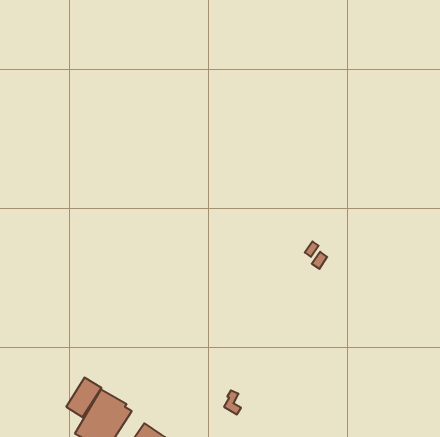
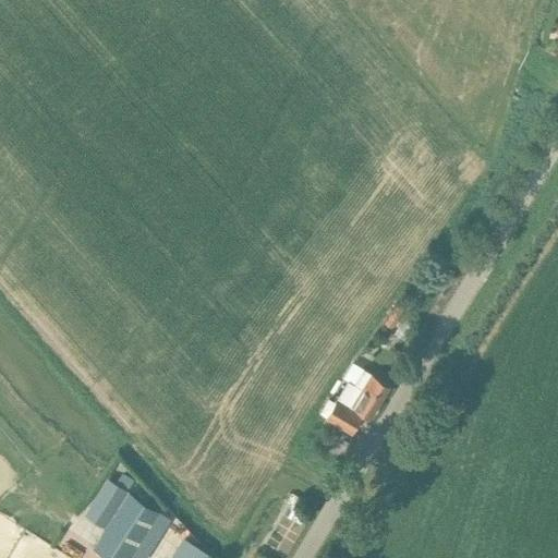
building: none -> [328,365,390,437]

